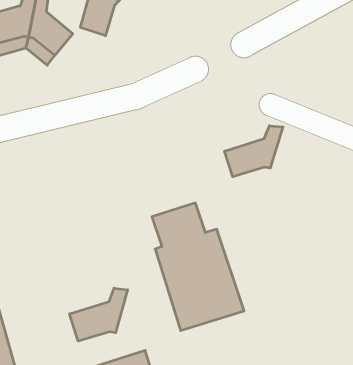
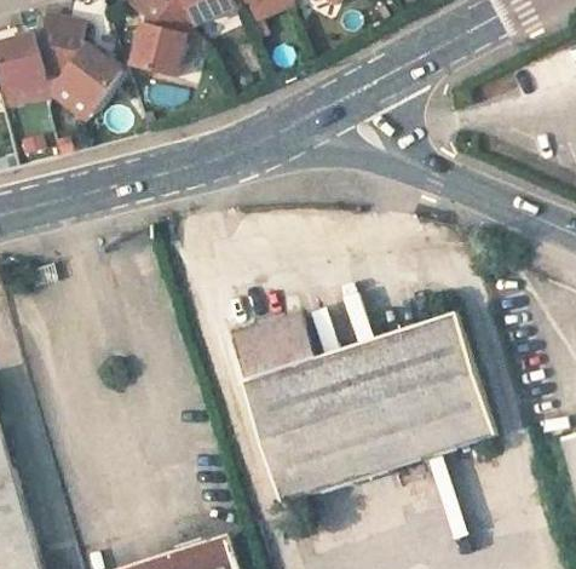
building: [225,126,283,177] -> none
building: none -> [332,316,493,476]
building: [70,288,128,341] -> none

